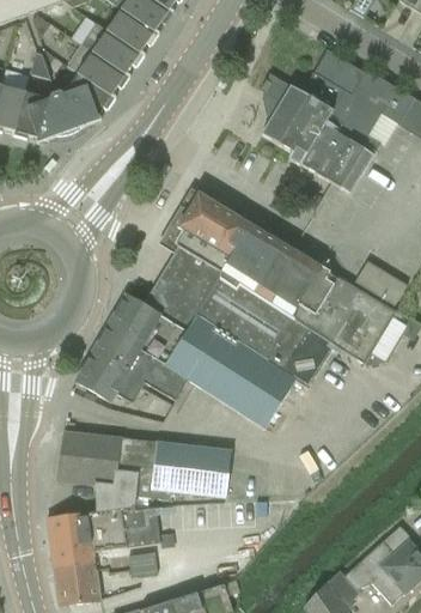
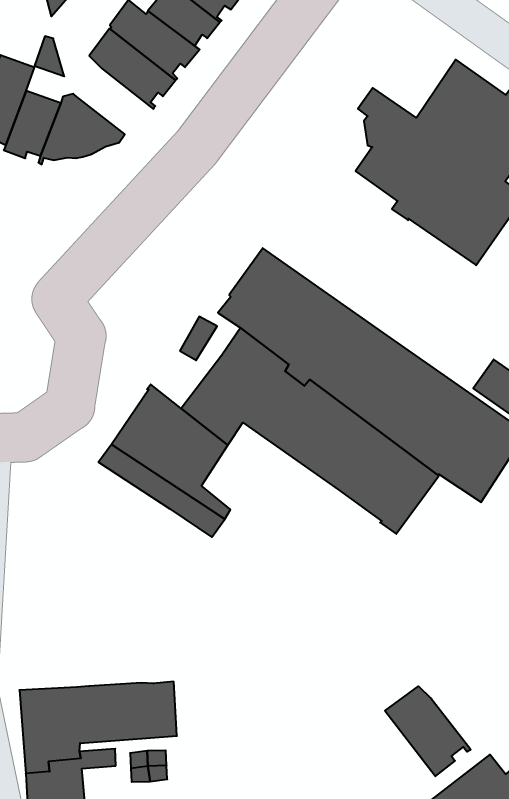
building: [62,72,115,120] -> none
building: [166,316,295,429] -> none
building: [75,351,145,402] -> none
building: [55,431,231,510] -> none
building: none -> [385,686,471,776]

